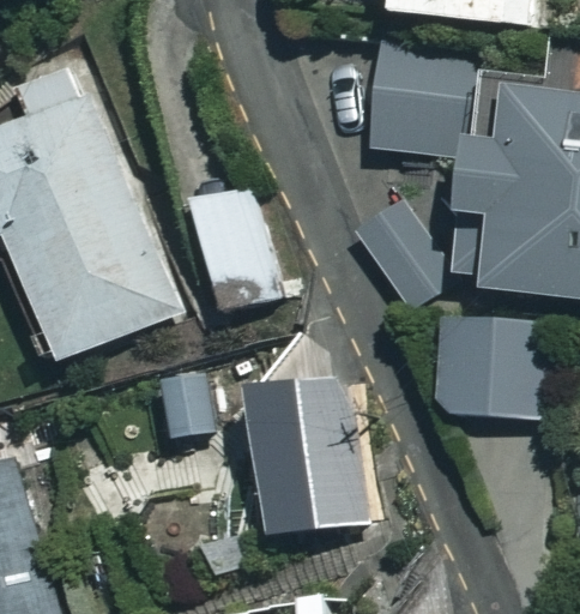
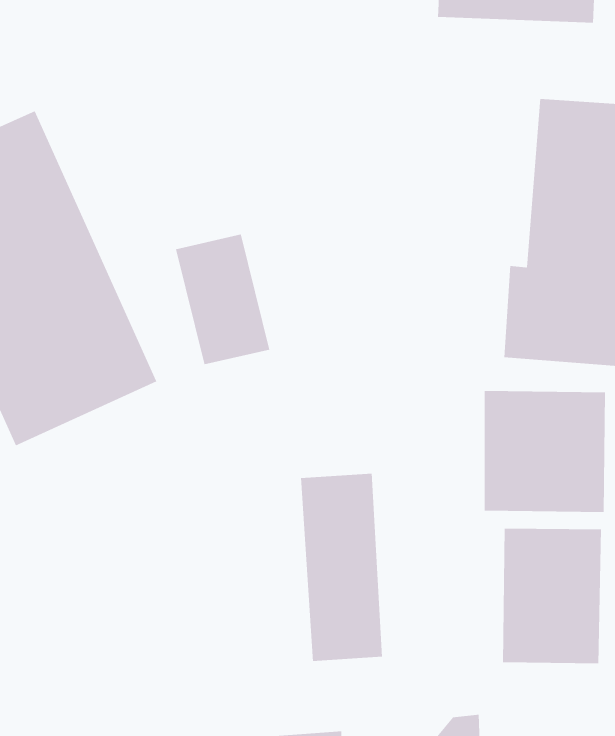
building: [367,48,460,156] -> none
building: none -> [502,528,602,664]

